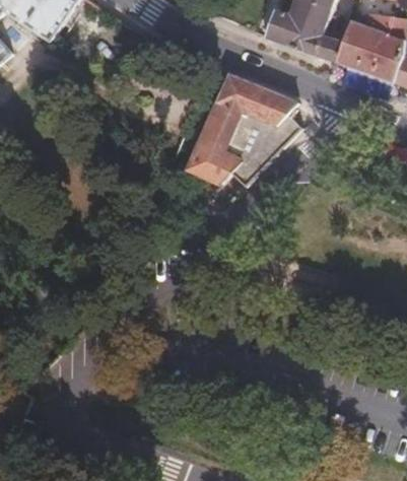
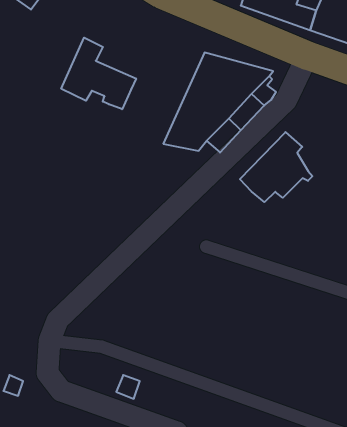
building: none -> [61,38,136,109]
building: none -> [240,132,312,202]

